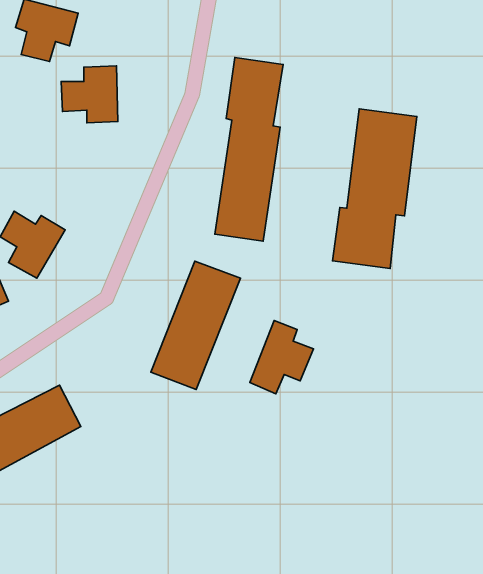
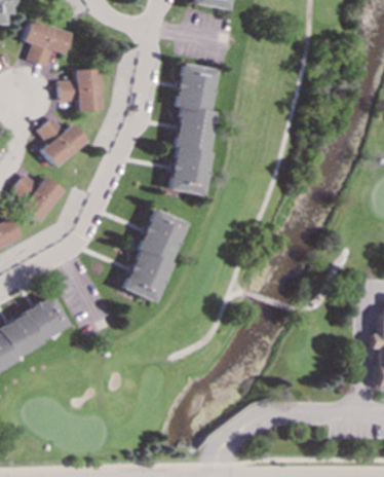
building: [333,109,417,268] -> none
building: none -> [36,117,85,167]
building: [250,320,314,394] -> none

